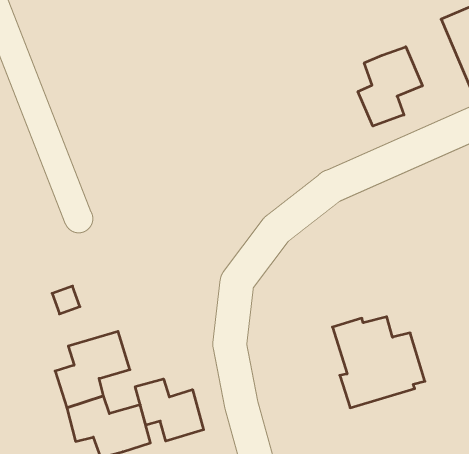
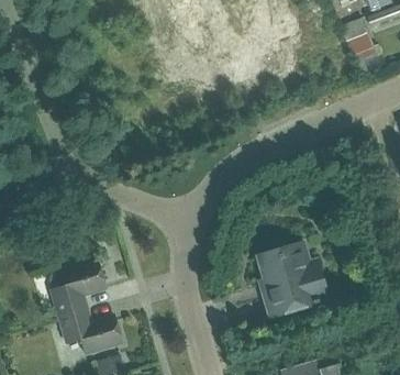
building: [358,47,422,126] -> none
building: [135,379,204,441] -> none

